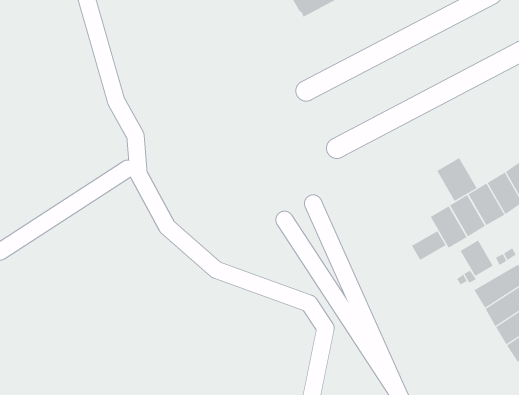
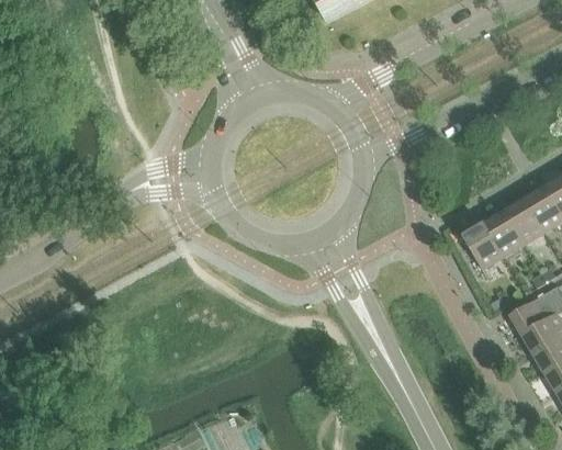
building: [436,157,477,202] -> none
building: [411,230,446,261] -> none
building: [460,240,494,277] -> none

